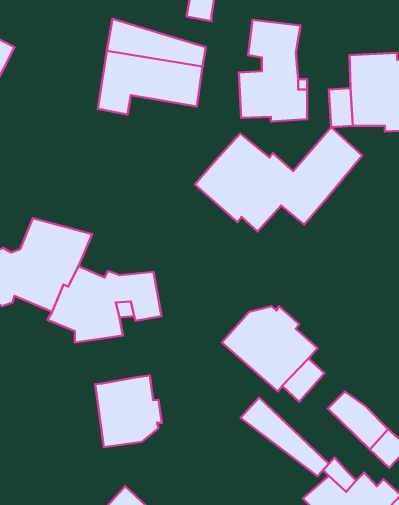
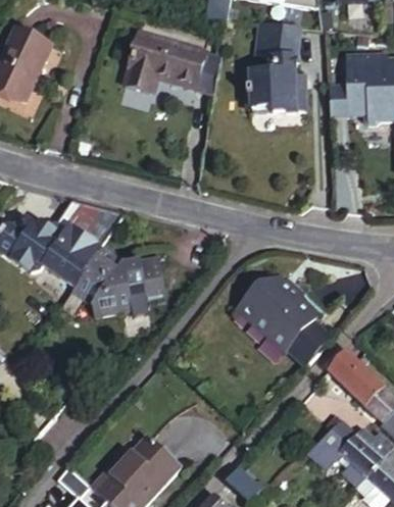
building: [195,127,362,231] -> none
building: [95,375,162,447] -> none
building: [240,397,329,476] -> none

